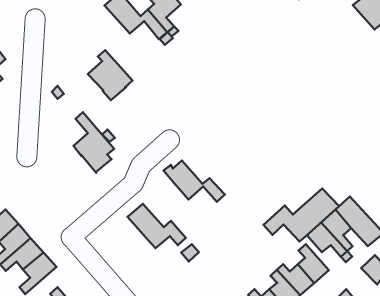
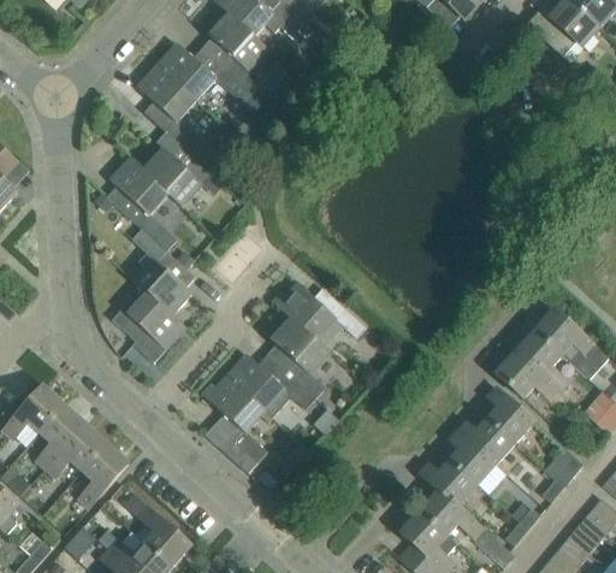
building: none -> [137,65,209,159]
building: none -> [107,156,176,249]
building: none -> [112,291,186,362]
building: none -> [271,318,330,397]
building: [264,188,339,241] -> none
building: none -> [202,376,273,473]

